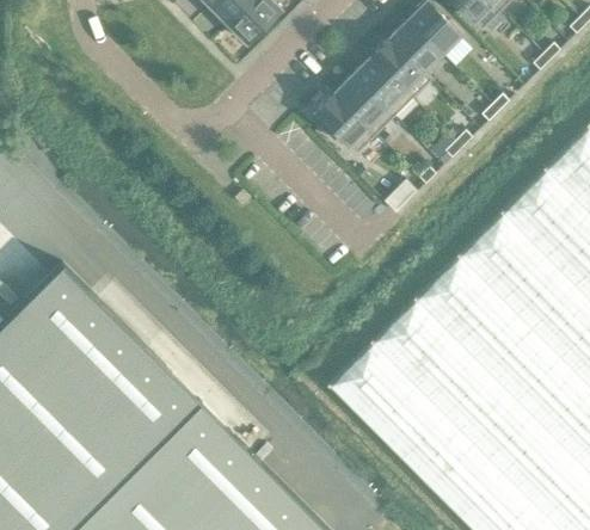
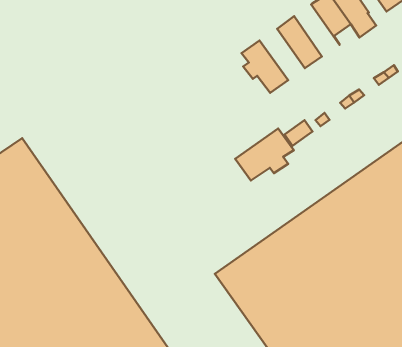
building: [370,38,431,99] -> none
building: [333,75,394,135] -> none
building: none -> [235,128,294,181]

